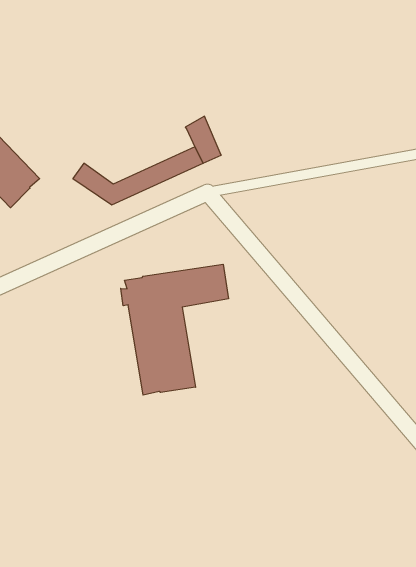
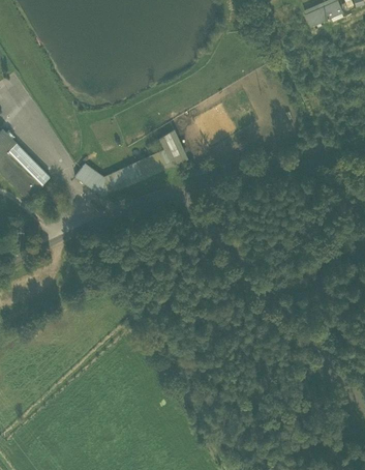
building: [121,264,228,395] -> none

